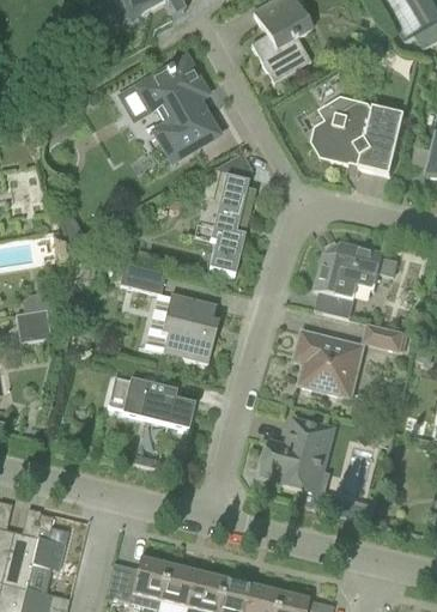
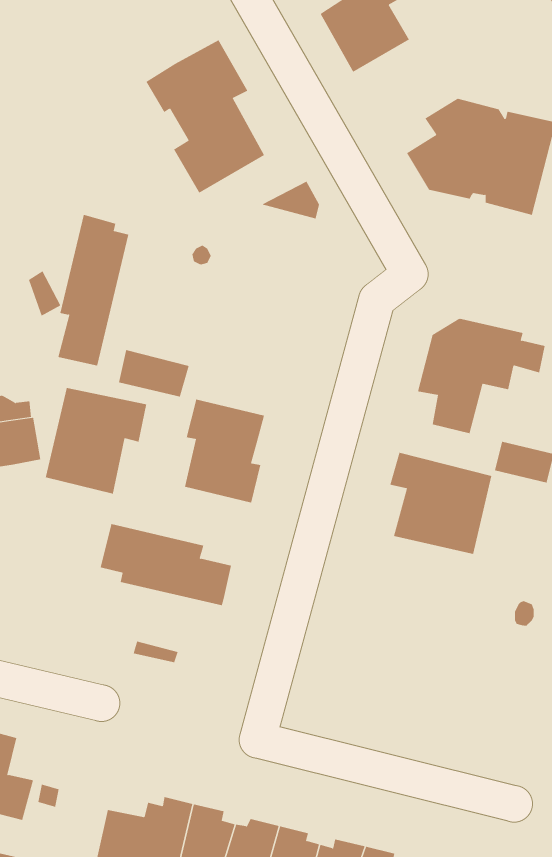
building: [208,176,255,275] -> [58,214,129,366]
building: none -> [45,387,147,495]
building: [263,418,334,492] -> none

